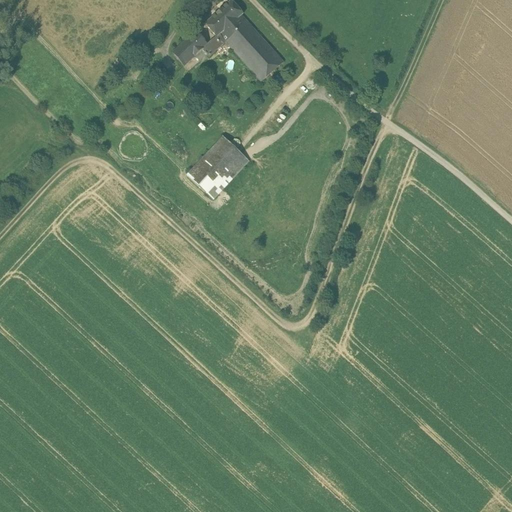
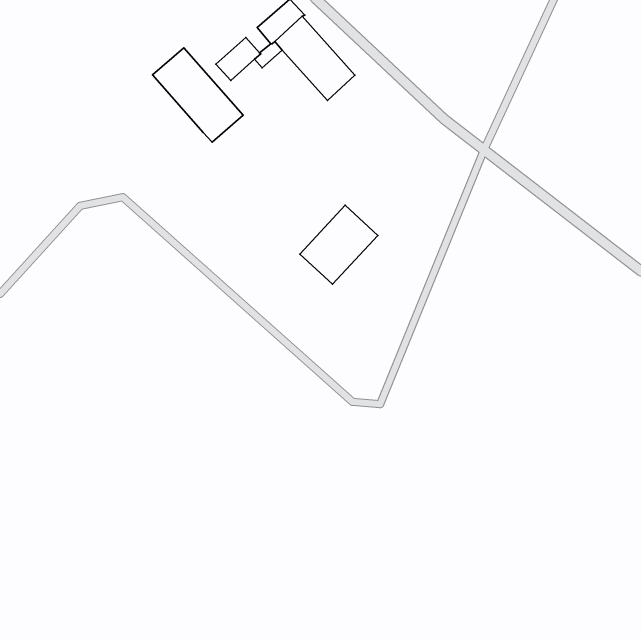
building: none -> [153,48,243,142]
building: [187,135,249,198] -> [300,205,378,284]

